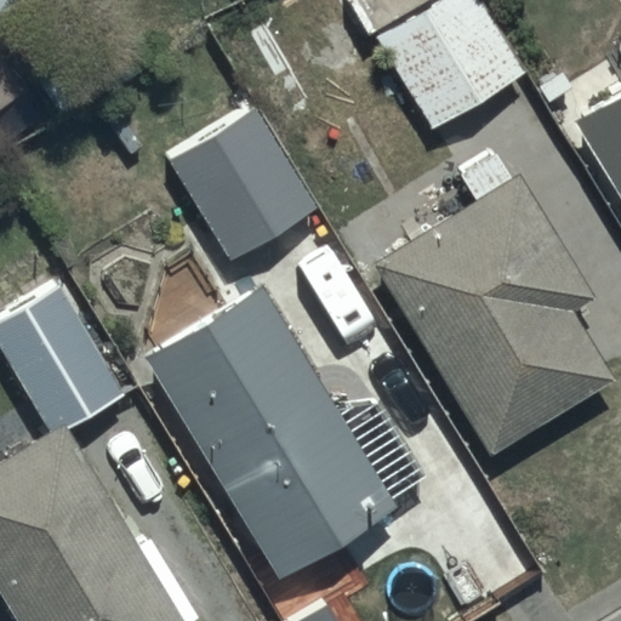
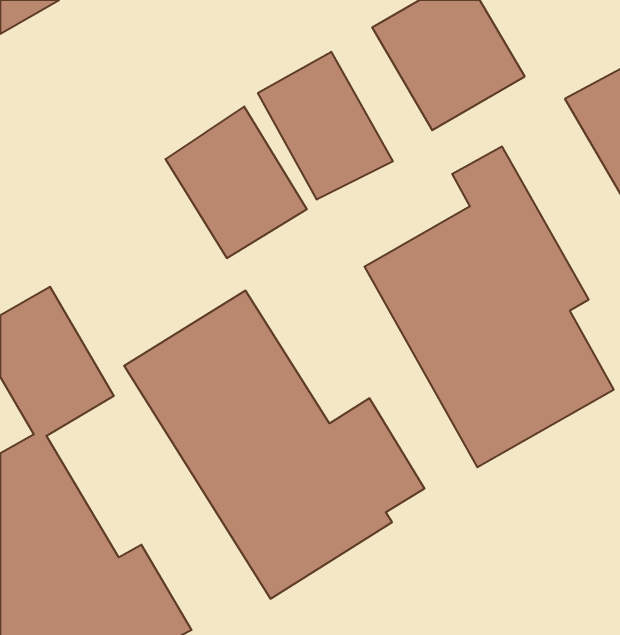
building: none -> [258,52,393,200]

